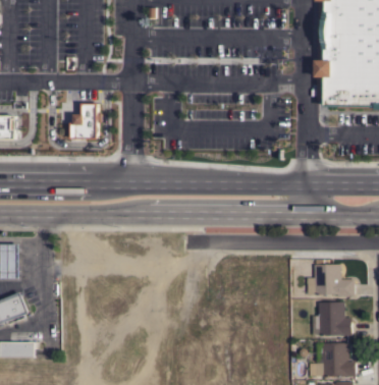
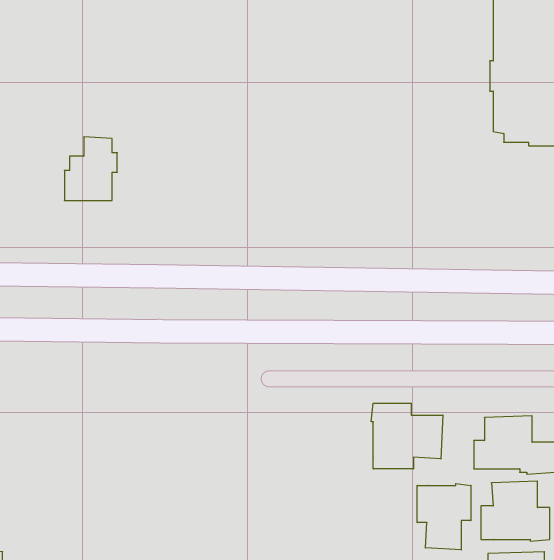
building: none -> [371,403,443,469]
building: none -> [417,484,471,550]

